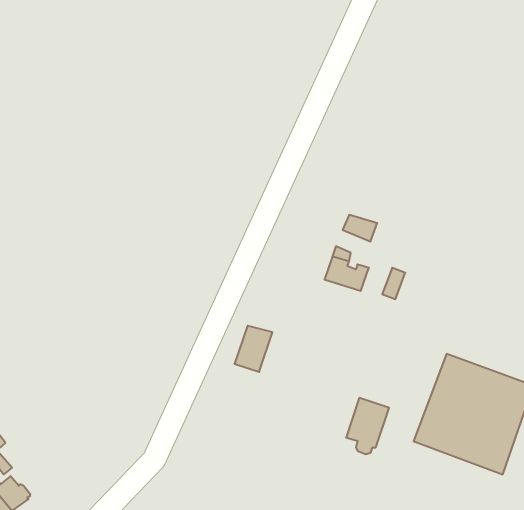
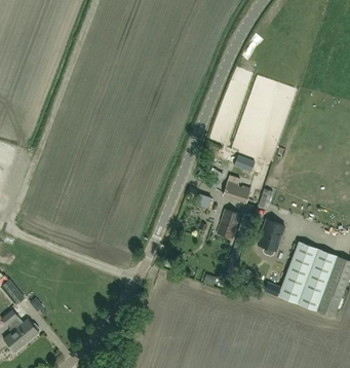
building: [234,326,272,372] -> [218,209,241,237]
building: [346,398,389,454] -> [259,219,285,254]

